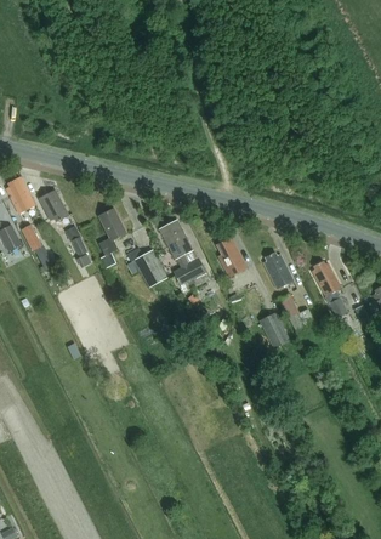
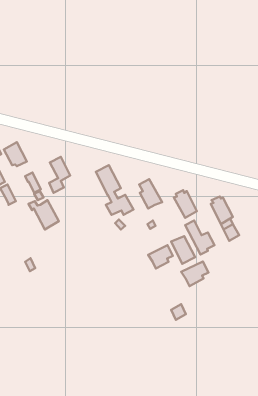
building: [127,249,167,288] -> [28,200,59,230]
building: none -> [148,245,173,268]
building: none -> [181,261,208,286]

